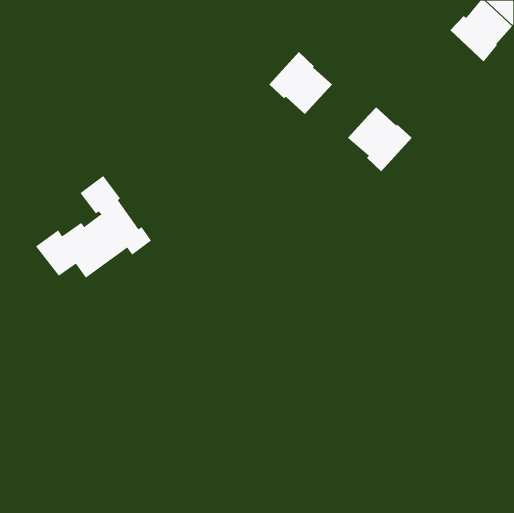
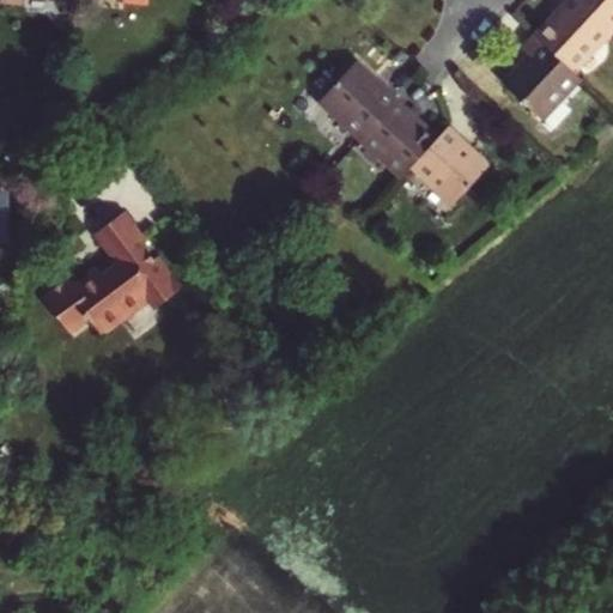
building: none -> [503,37,579,122]
building: none -> [363,102,438,177]

